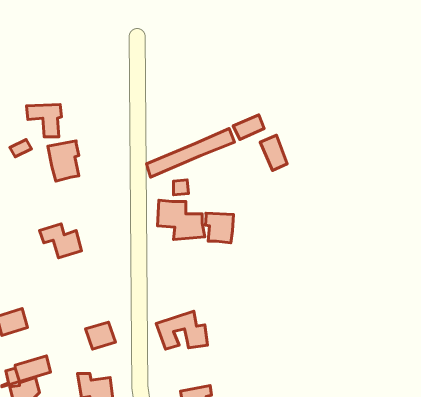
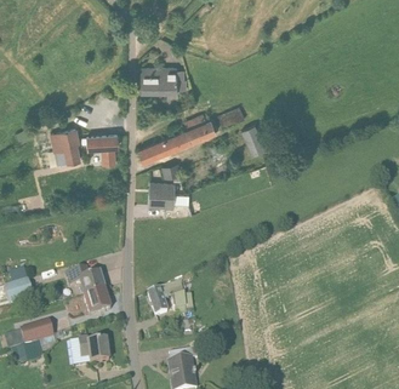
building: none -> [142,65,187,90]
building: [26,105,62,137] -> [87,133,119,162]
building: [205,213,234,243] -> none
building: [40,224,82,258] -> [68,265,106,296]

